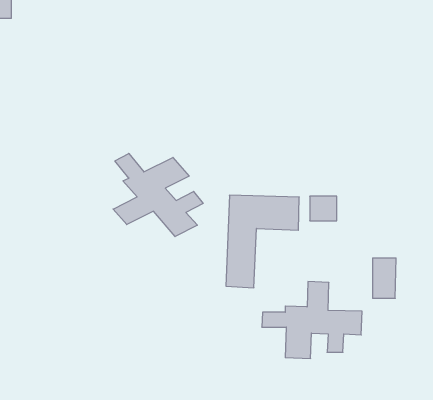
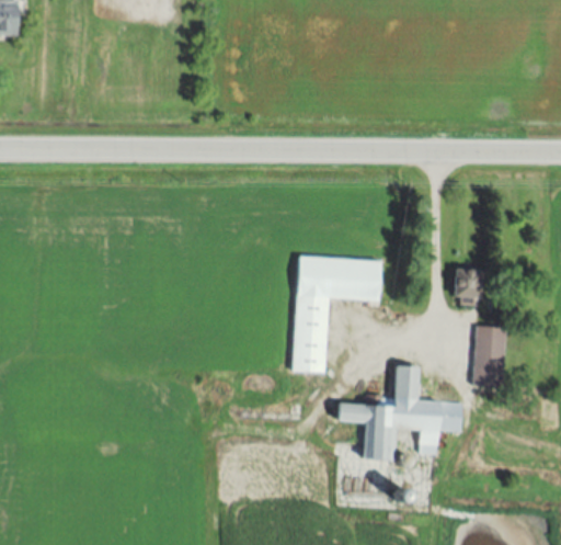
building: [113,153,203,237] -> none
building: [310,196,337,221] -> [457,268,491,298]

